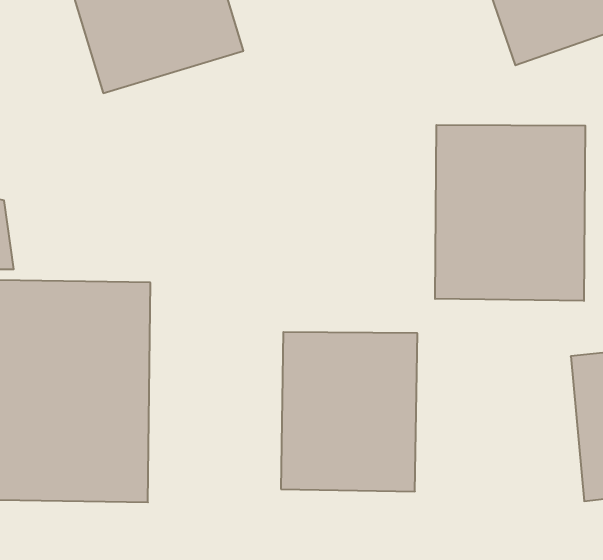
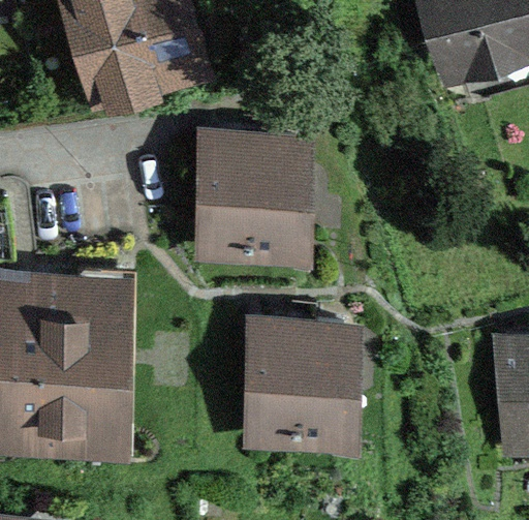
building: none -> [193,129,311,265]
building: [435,125,585,301] -> none

